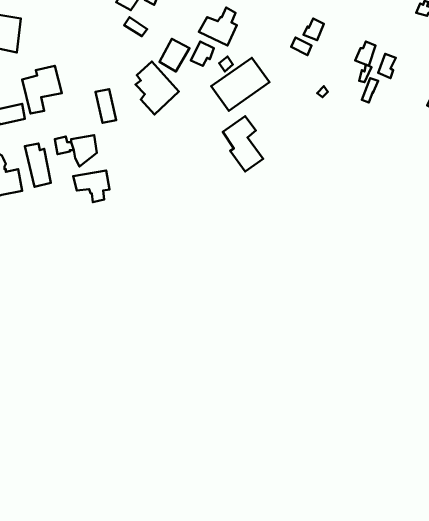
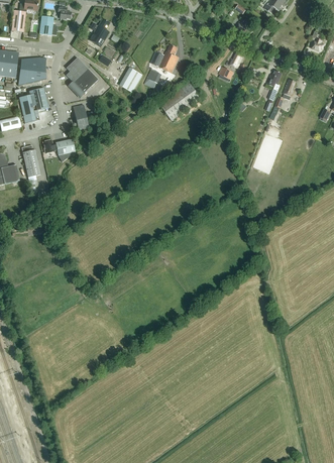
building: none -> [18,57,46,86]
building: [135,62,179,115] -> [66,57,98,97]
building: [223,116,263,171] -> none
building: [73,170,109,202] -> none

